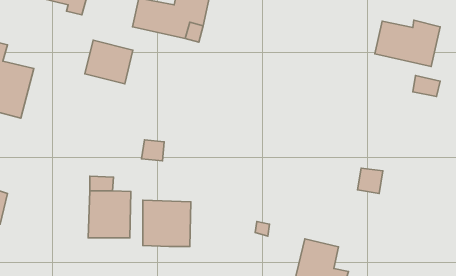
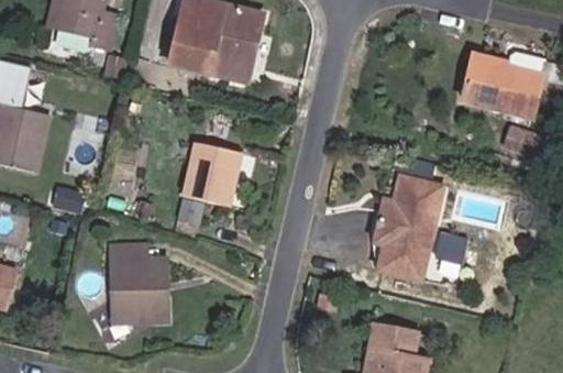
building: [85,40,133,84] -> [188,141,246,194]
building: none -> [367,173,444,277]
building: [143,200,191,247] -> none

